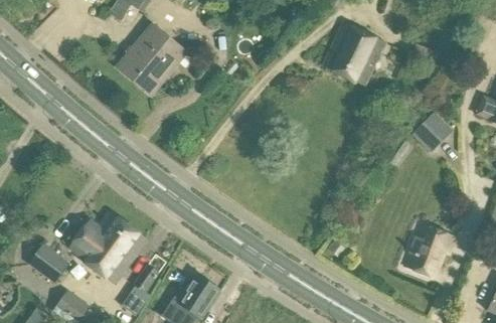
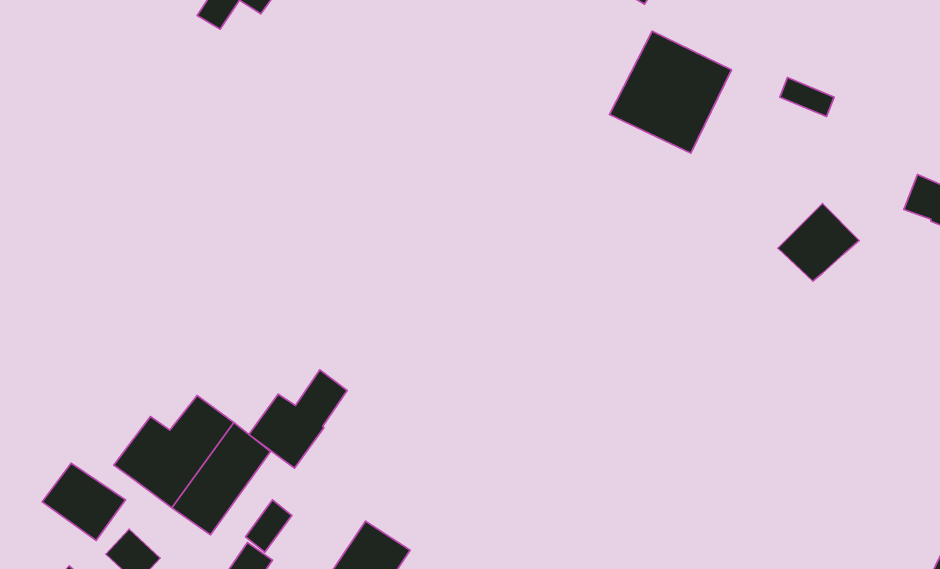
building: [117,24,184,95] -> none
building: none -> [249,370,347,468]
building: [404,224,455,279] -> none

